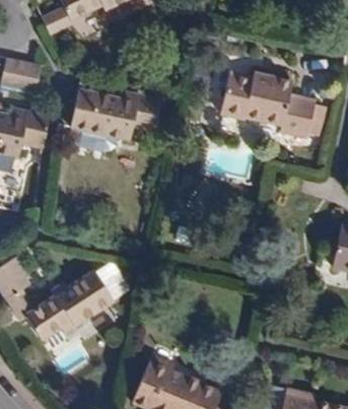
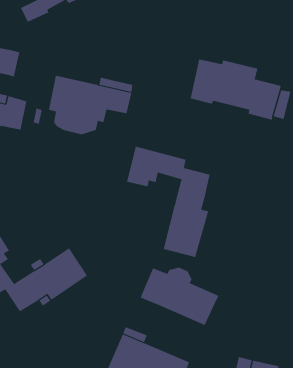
building: none -> [127,146,210,258]
building: none -> [140,267,219,326]

